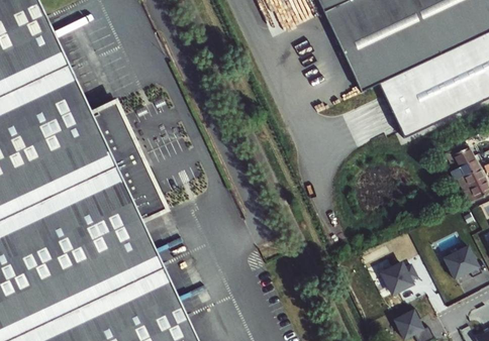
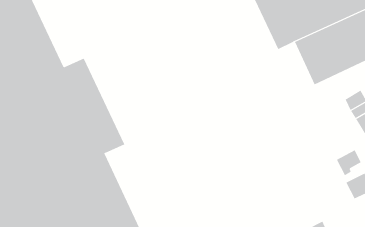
building: none -> [336,150,362,176]
building: [382,262,418,293] -> none

